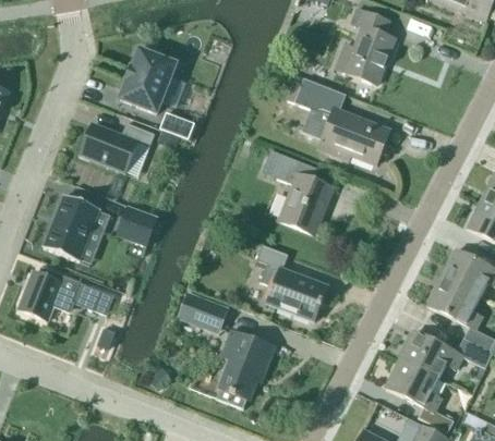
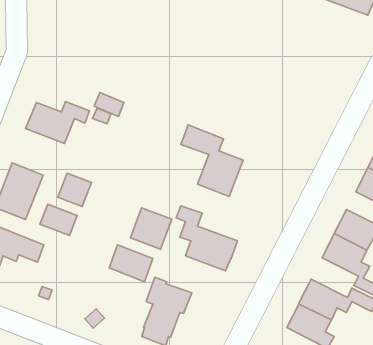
building: [336,10,395,84] -> none
building: [120,49,176,113] -> none
building: [287,77,389,163] -> none
building: none -> [40,204,77,236]
building: none -> [130,208,172,249]

